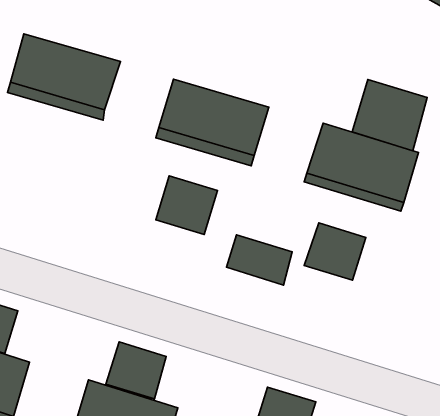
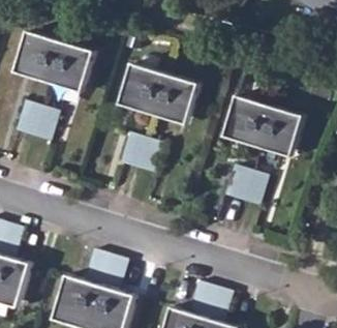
building: [352,80,427,151] -> none
building: none -> [14,99,58,141]
building: [226,235,292,285] -> none

